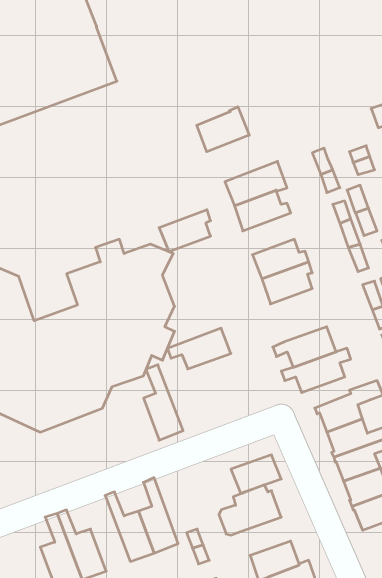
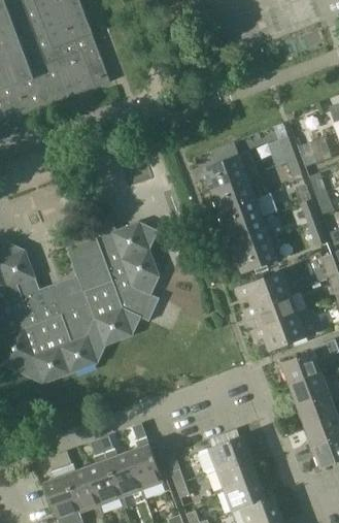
building: [197,107,249,152] -> none
building: [159,210,211,252] -> [217,195,262,231]
building: [167,328,231,369] -> [235,271,290,306]
building: [144,365,183,440] -> [87,438,121,503]
building: [231,455,281,493] -> [215,457,259,490]

